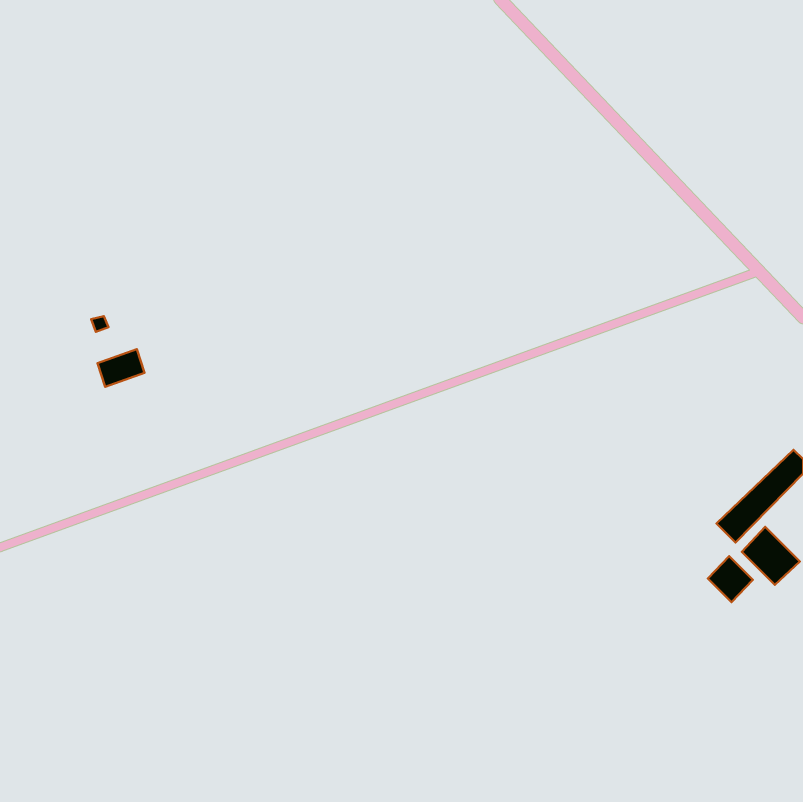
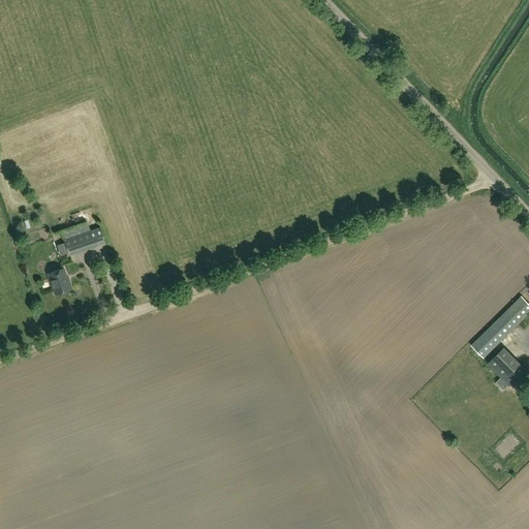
building: none -> [48,267,71,293]
building: [708,556,753,602] -> none

